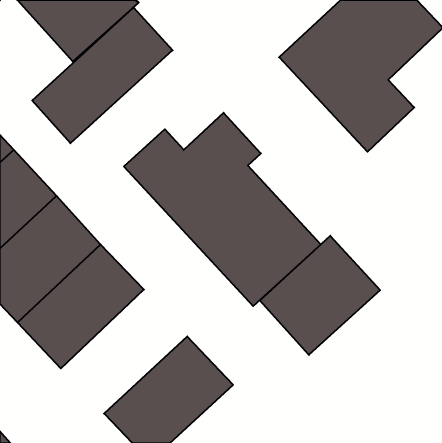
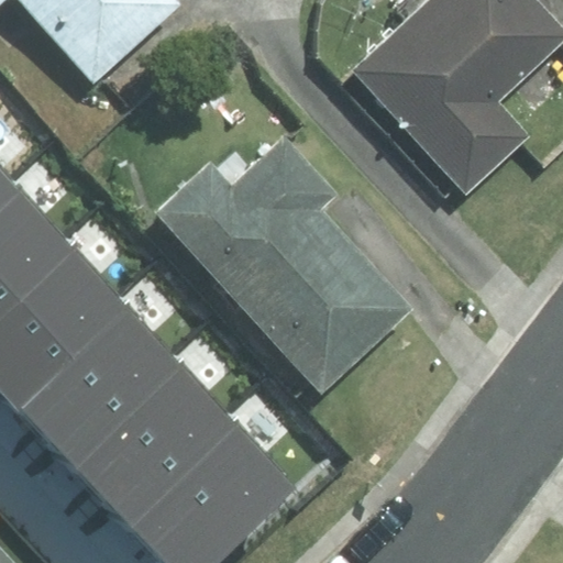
building: [32,7,173,143] -> none
building: [260,236,380,355] -> none
building: none -> [77,367,238,525]

